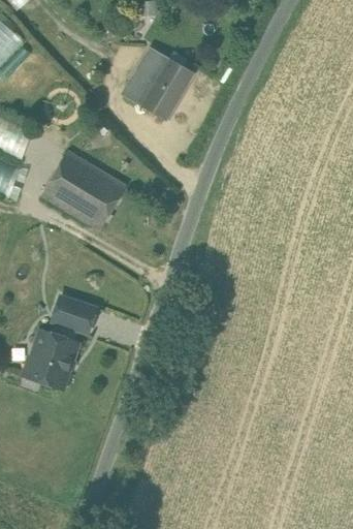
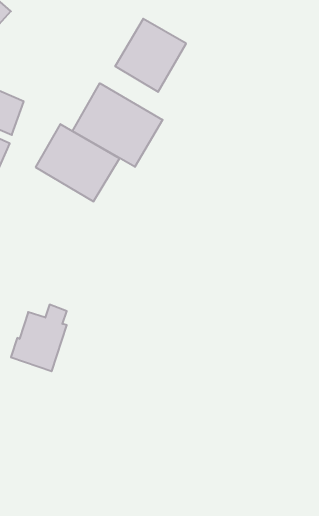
building: none -> [73,83,163,167]
building: [52,295,95,333] -> none

